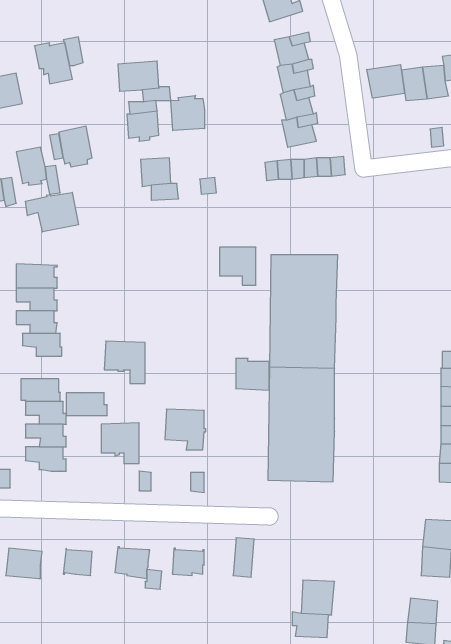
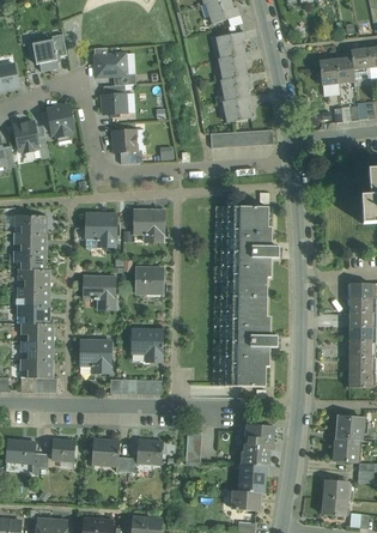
building: [367,65,405,98] -> none
building: [171,95,205,131] -> none
building: [25,192,78,232] -> none
building: [220,247,256,285] -> [135,211,164,241]
building: none -> [86,212,117,247]
building: [236,358,269,390] -> [136,268,163,293]
building: [66,393,107,416] -> [18,287,50,305]
building: none -> [241,424,273,466]

